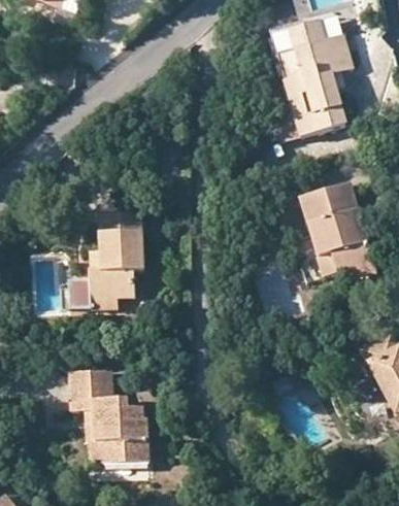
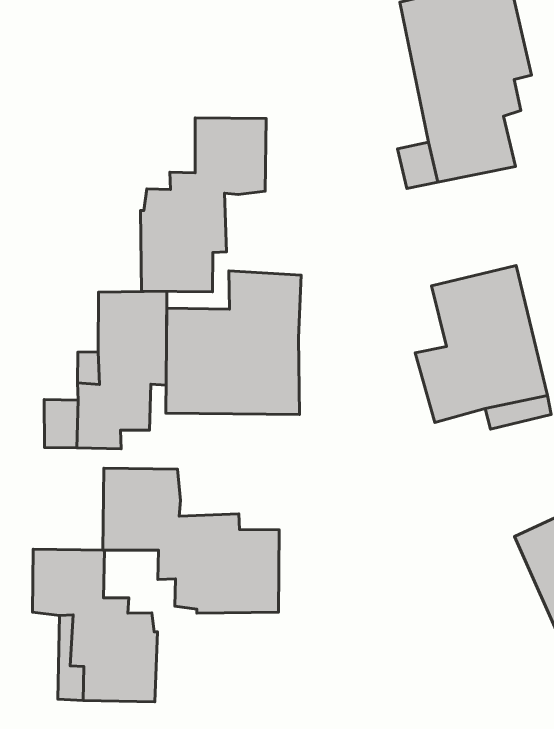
building: none -> [141,118,266,292]
building: none -> [166,271,301,414]
building: none -> [103,468,279,613]

